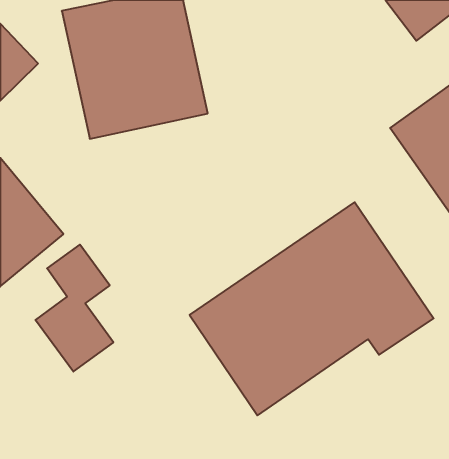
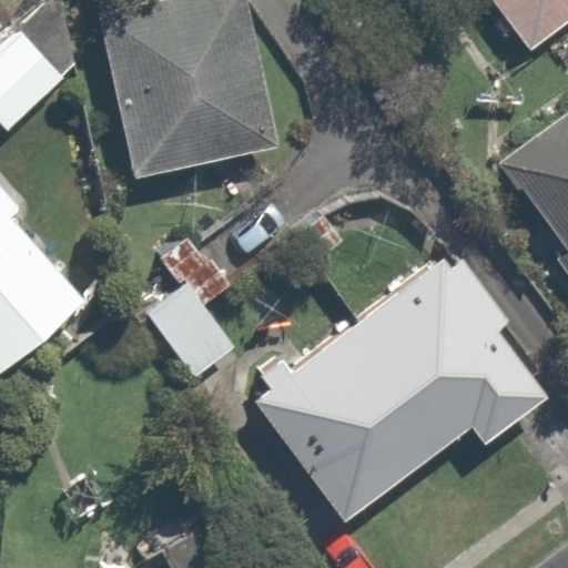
building: [35,245,113,372] -> [146,227,242,383]

